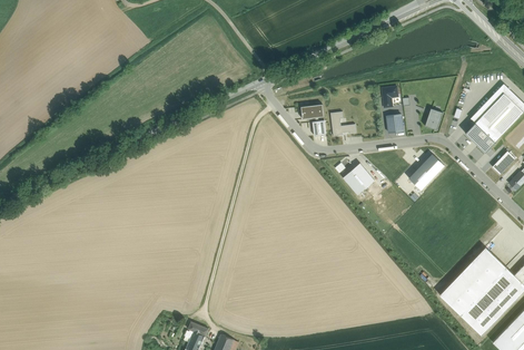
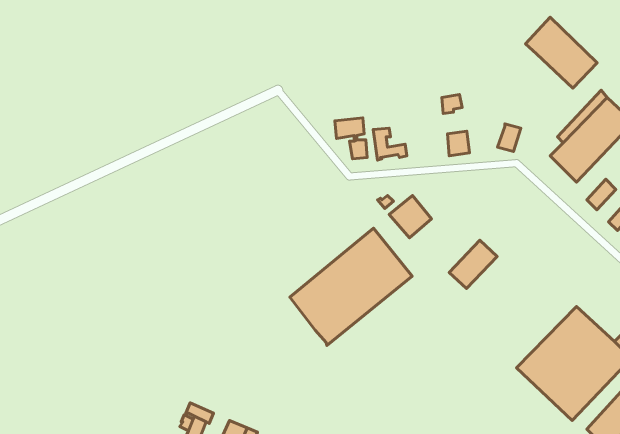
building: none -> [525,17,597,88]
building: [408,153,445,189] -> [449,240,497,289]
building: none -> [290,228,412,345]

